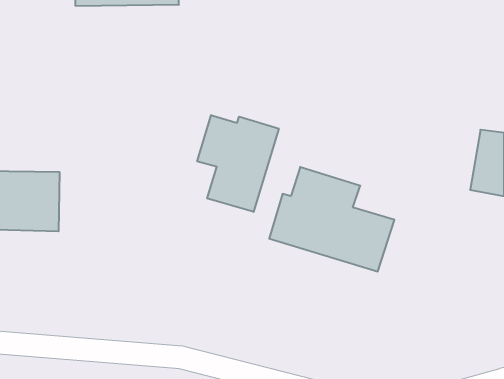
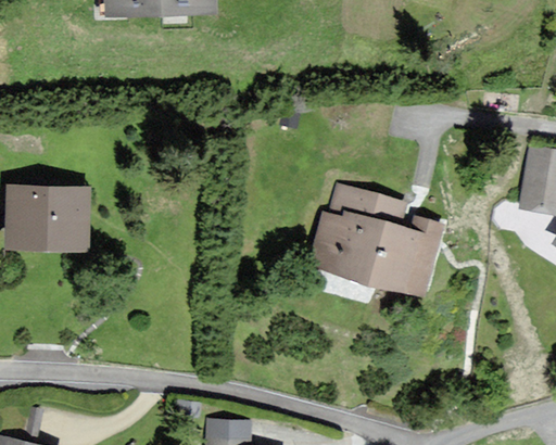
building: [197,115,279,212] -> none

